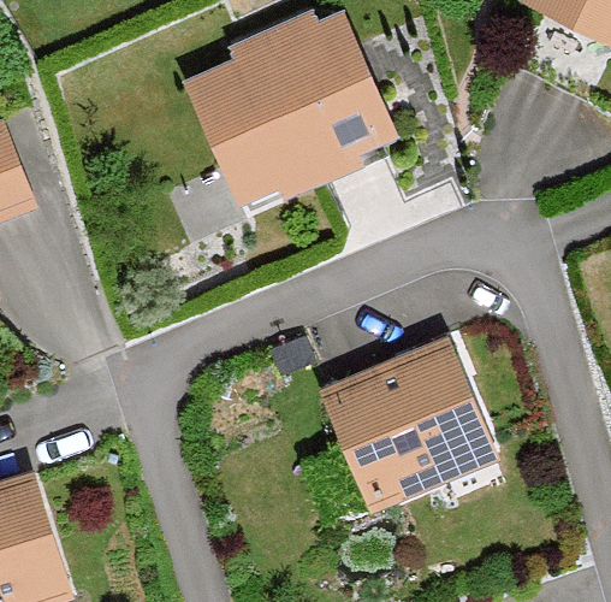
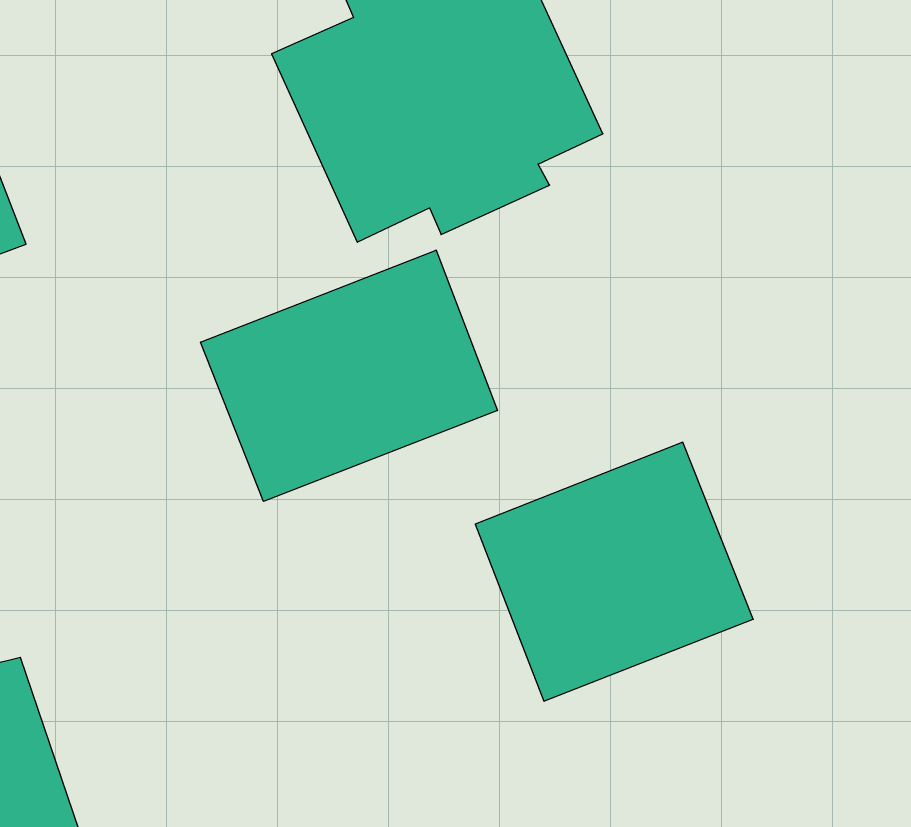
building: none -> [201,250,497,501]

